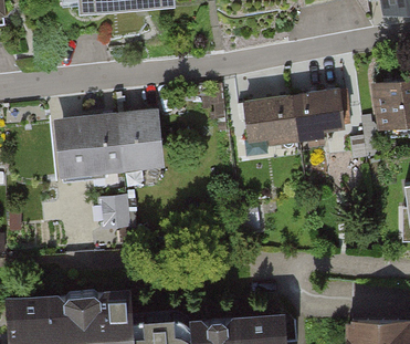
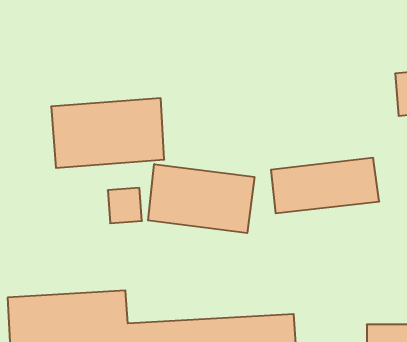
building: [242,91,344,143] -> [271,158,379,213]
building: none -> [148,164,254,233]

